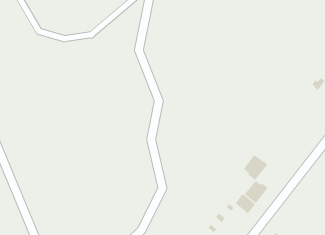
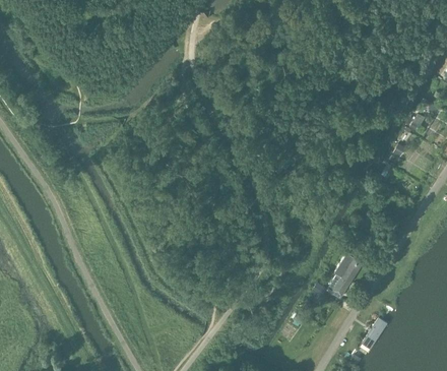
building: [243,154,268,181] -> none

